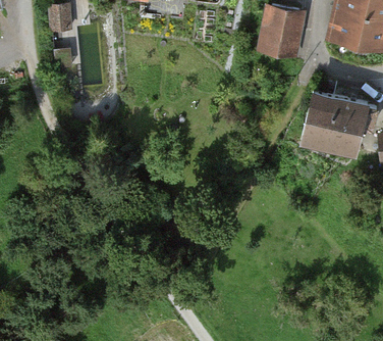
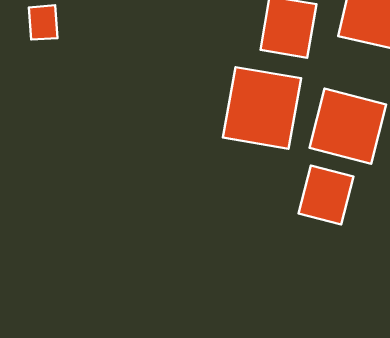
building: none -> [223,67,301,149]
building: none -> [299,166,354,224]

